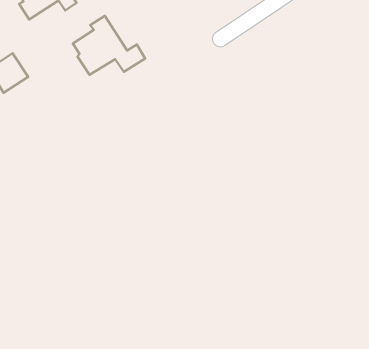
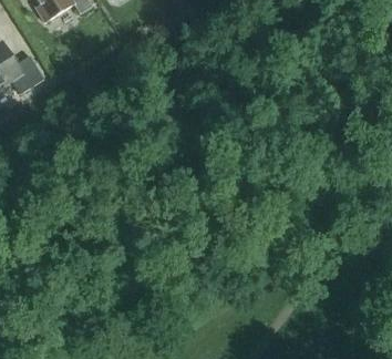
building: [73,16,145,75] -> none

